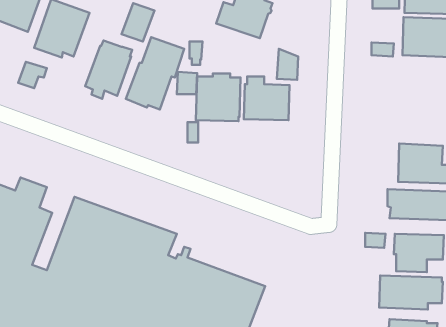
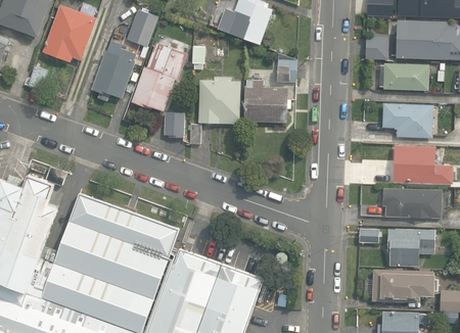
building: none -> [381,62,428,89]
building: [177,72,197,94] -> [165,111,184,133]
building: none -> [381,101,433,136]

